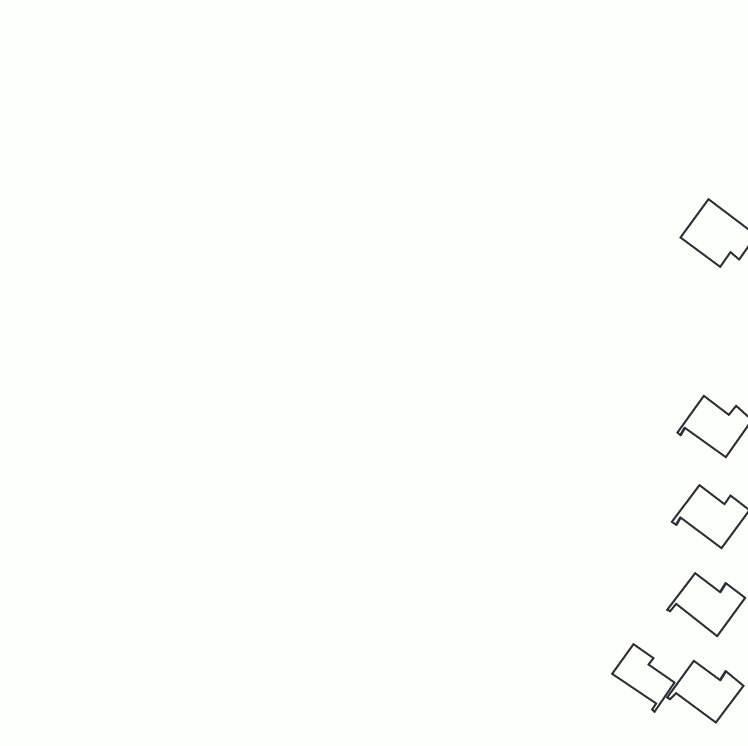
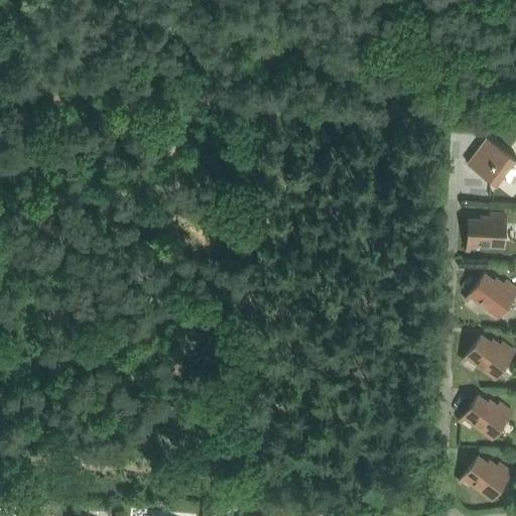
building: none -> [468,214,507,251]
building: [612,644,675,712] -> none

